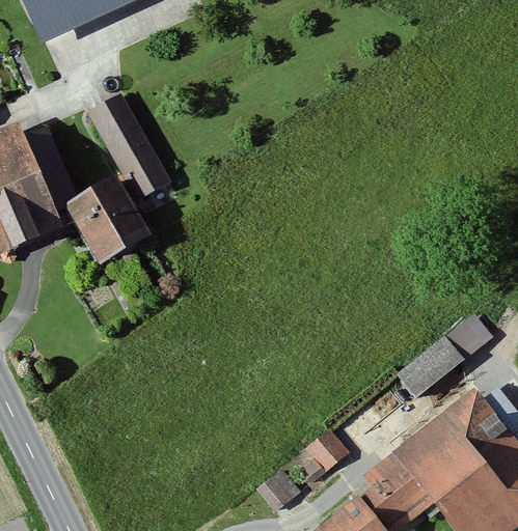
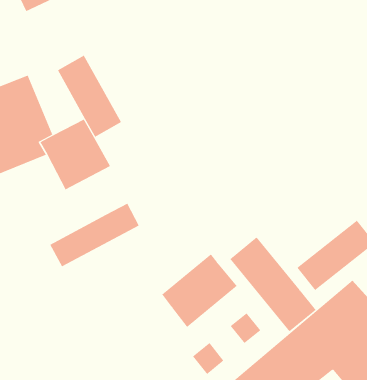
building: none -> [49,203,140,267]
building: none -> [229,237,316,332]
building: none -> [162,253,238,328]

